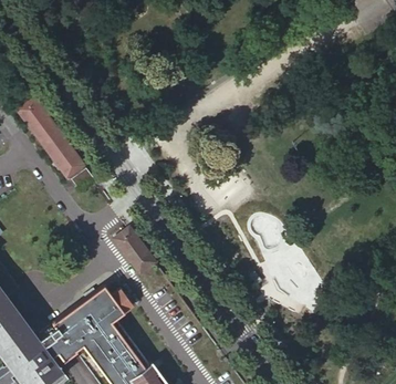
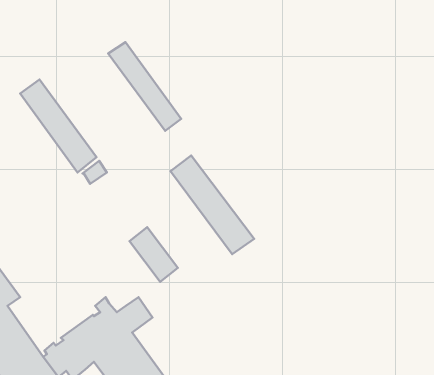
building: none -> [108,42,181,131]
building: none -> [170,156,254,254]

